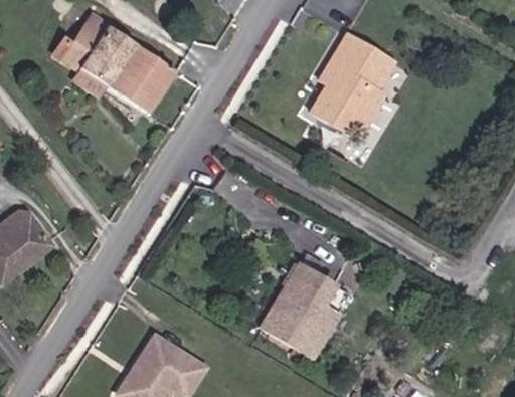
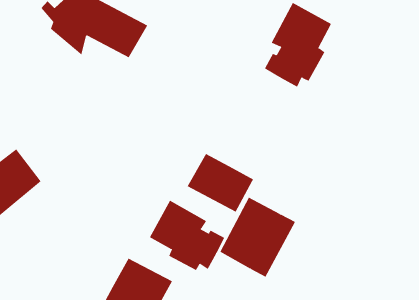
building: none -> [187,153,254,212]
building: none -> [149,200,225,271]

